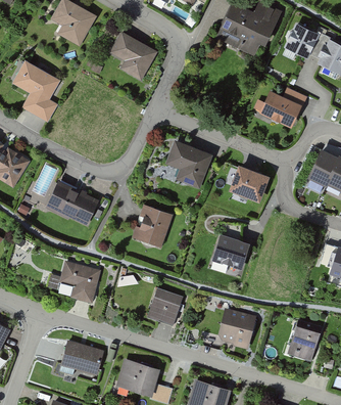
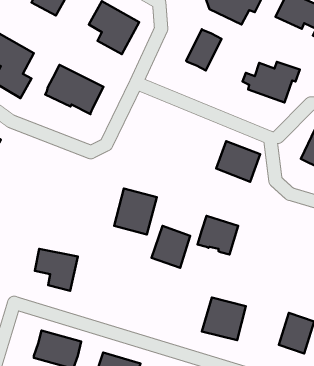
building: none -> [186,29,221,70]
building: [164,138,212,188] -> none
building: [45,179,99,225] -> [45,65,104,114]
building: [146,288,182,327] -> [152,226,190,268]

